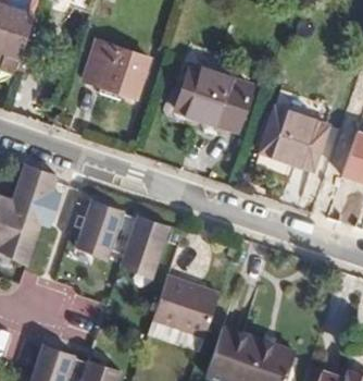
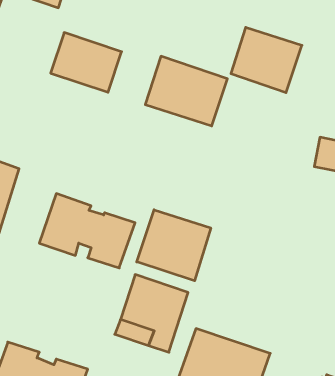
building: [261,109,329,172] -> [231,27,302,93]
building: none -> [137,210,211,281]

